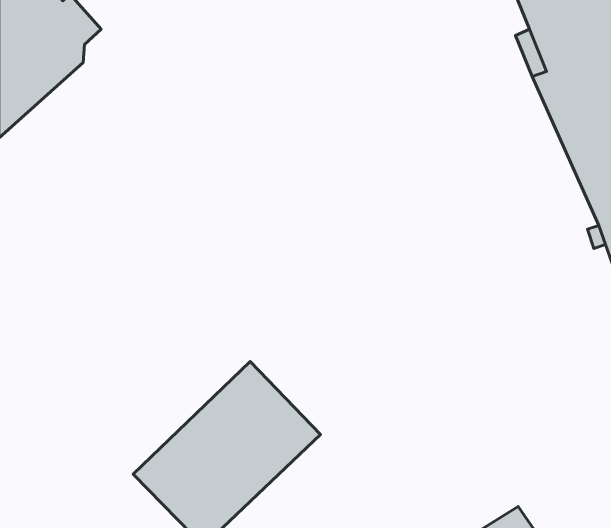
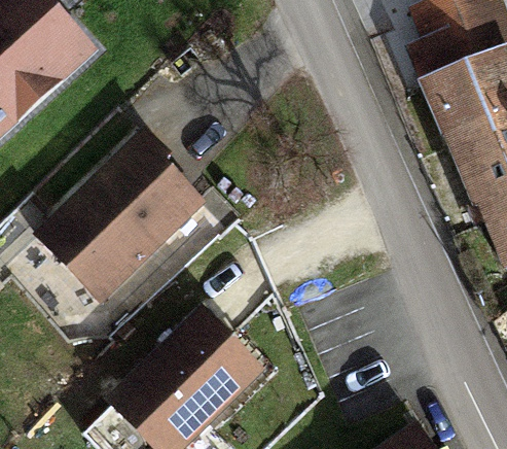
building: none -> [36,131,198,299]

